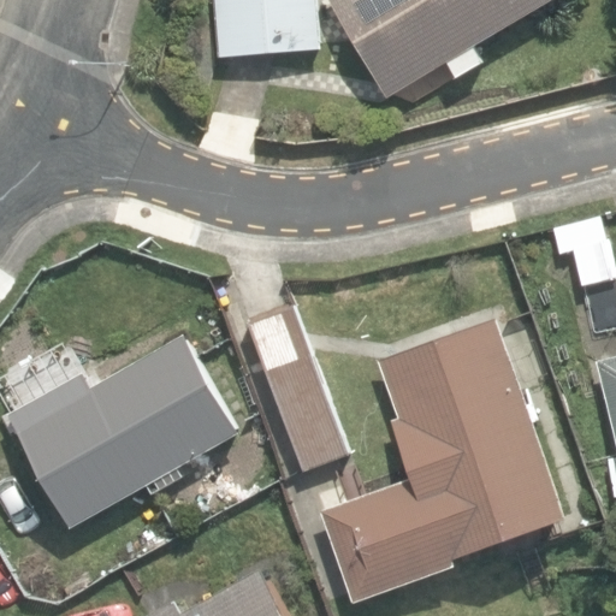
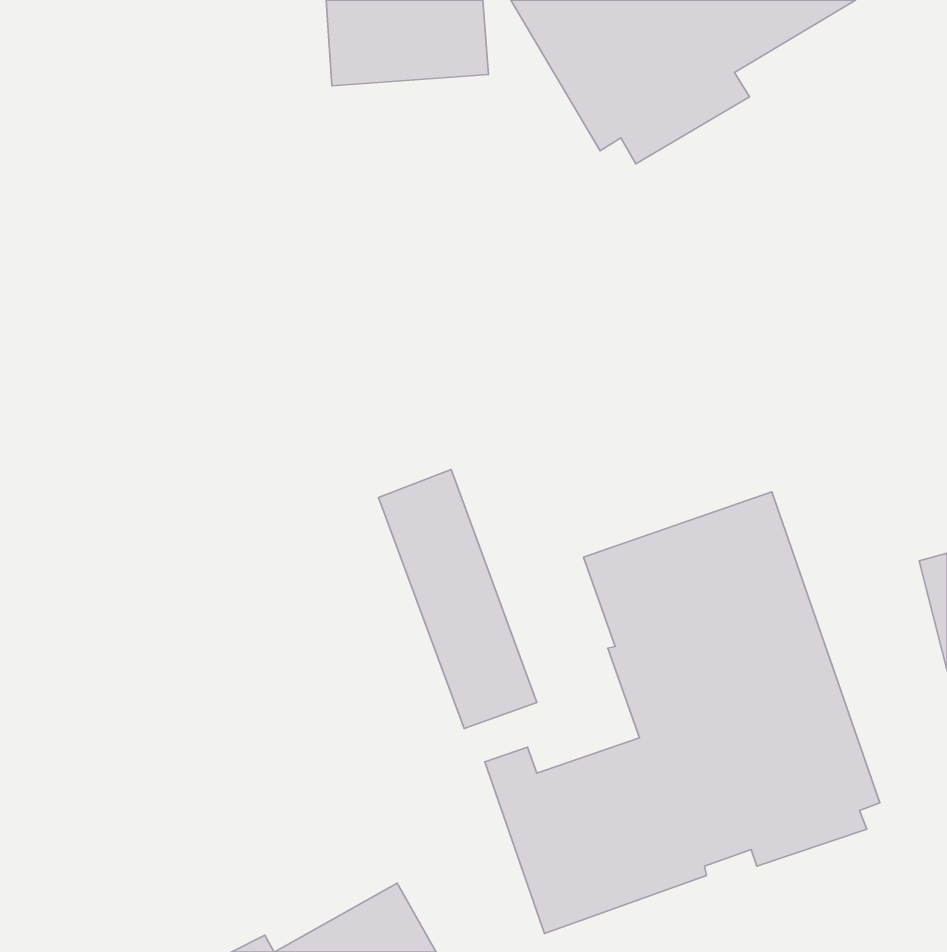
building: [5,337,235,528] -> none

